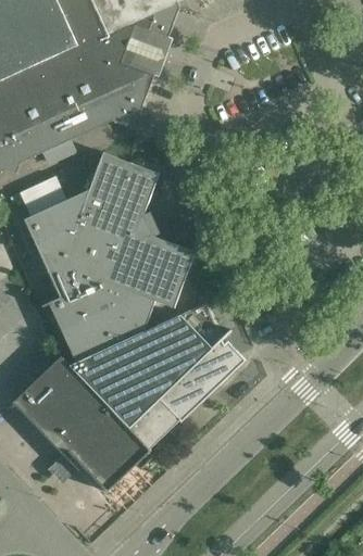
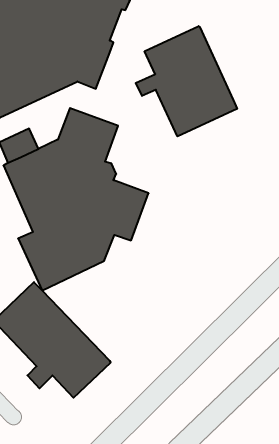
building: none -> [136,26,237,136]
building: [70,302,246,448] -> none

